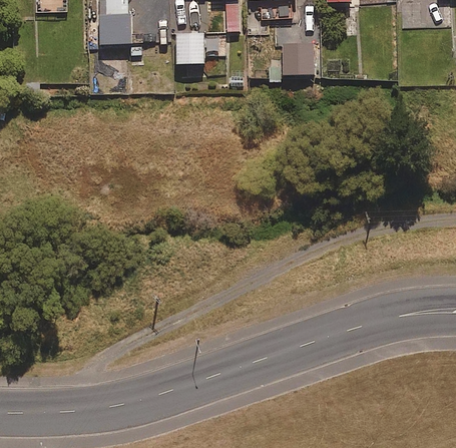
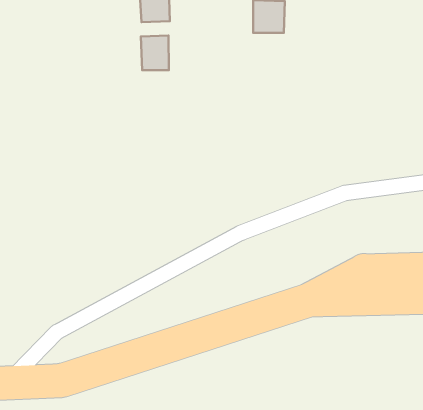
building: none -> [141,35,169,70]

